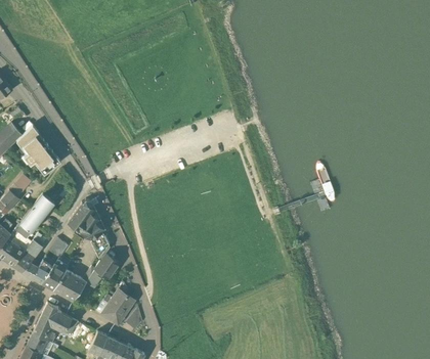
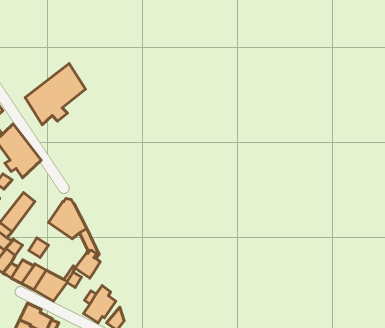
building: none -> [25,63,85,125]

